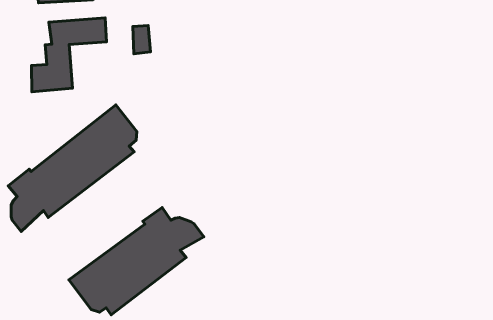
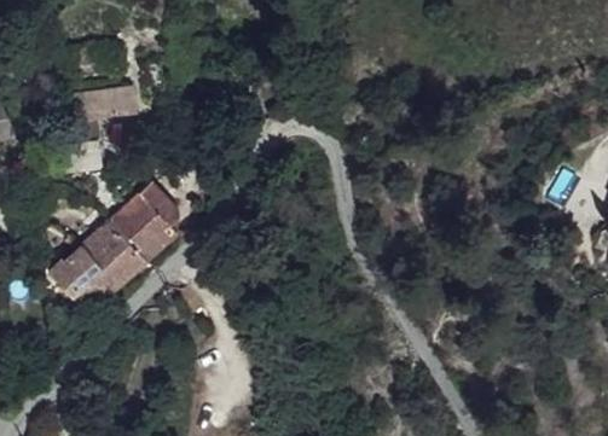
building: [69,208,204,315] -> none

